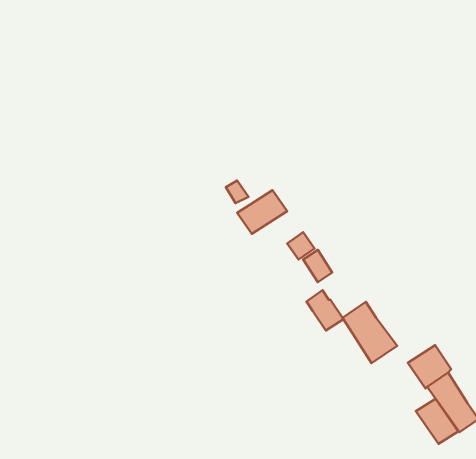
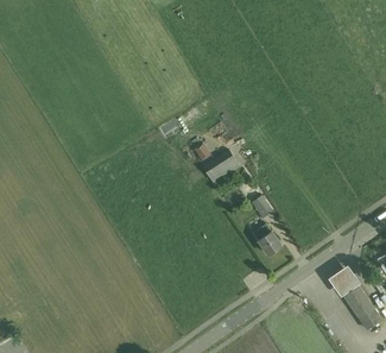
building: [342,302,397,363] -> none
building: [416,399,458,444] -> none

